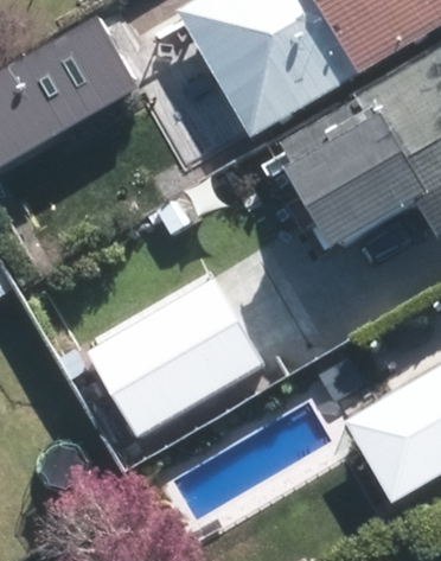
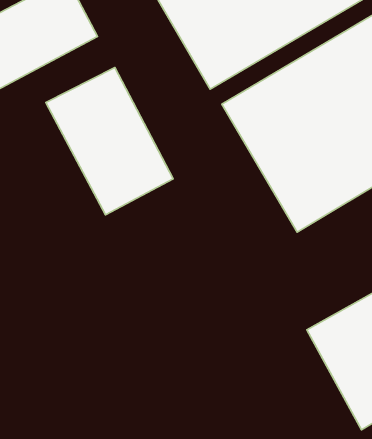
building: none -> [46,67,173,215]
building: [82,299,253,440] -> none

